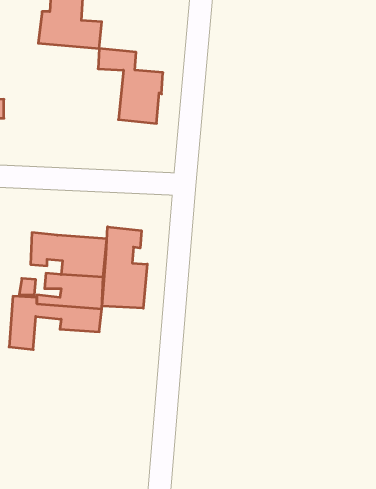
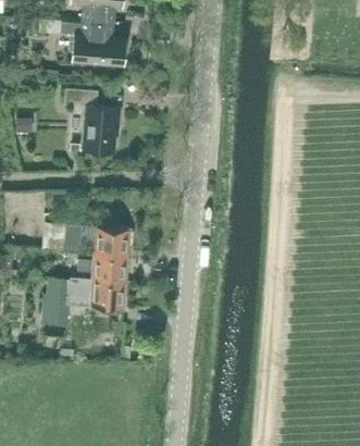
building: [98,48,163,123] -> [64,88,120,152]
building: [102,227,147,308] -> none

